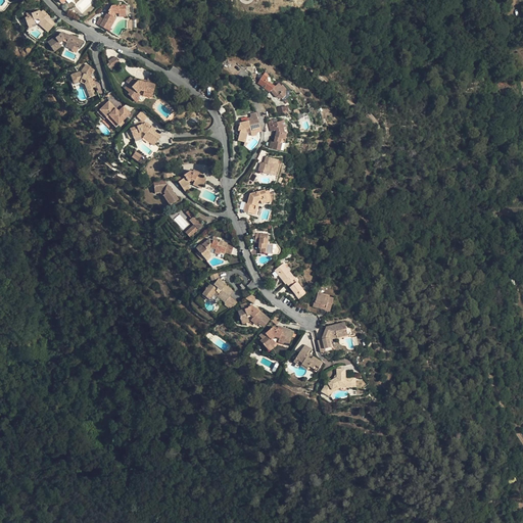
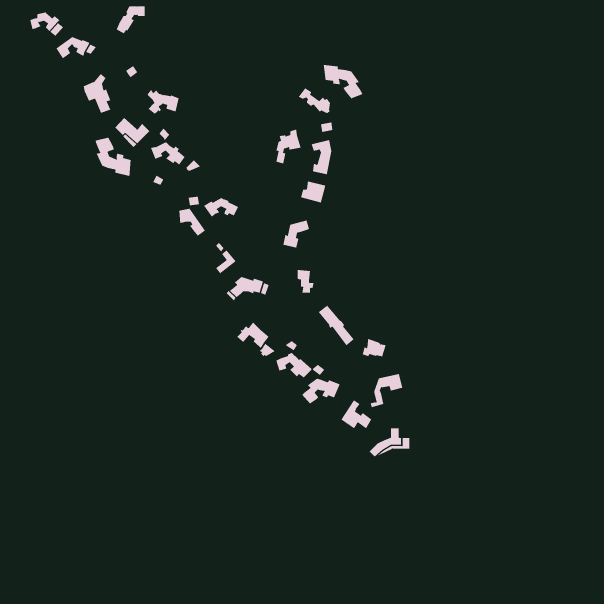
building: none -> [323,64,363,99]
building: none -> [95,137,131,177]

